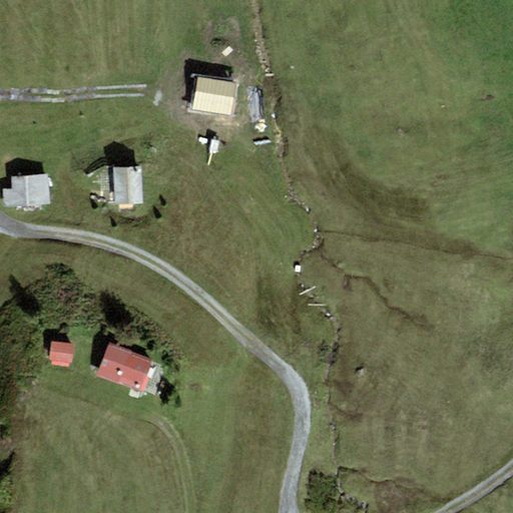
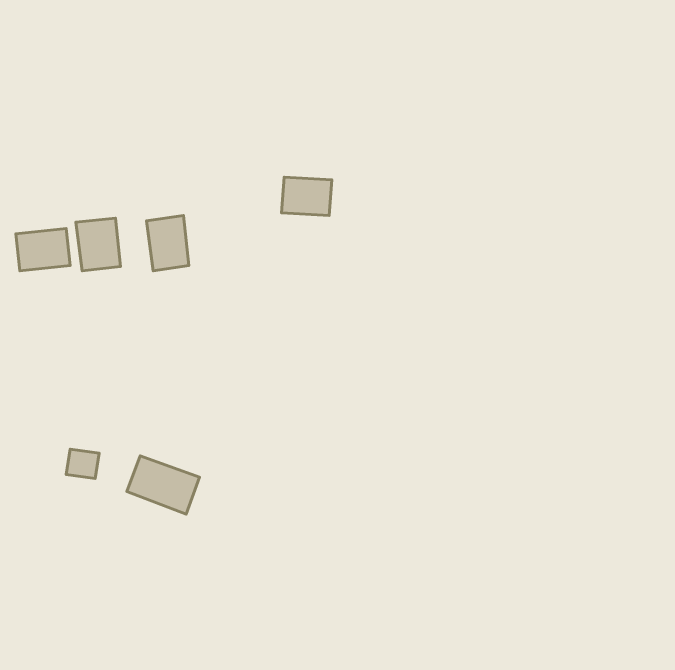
building: [193,78,231,107] -> [282,177,332,215]
building: none -> [76,218,120,271]

